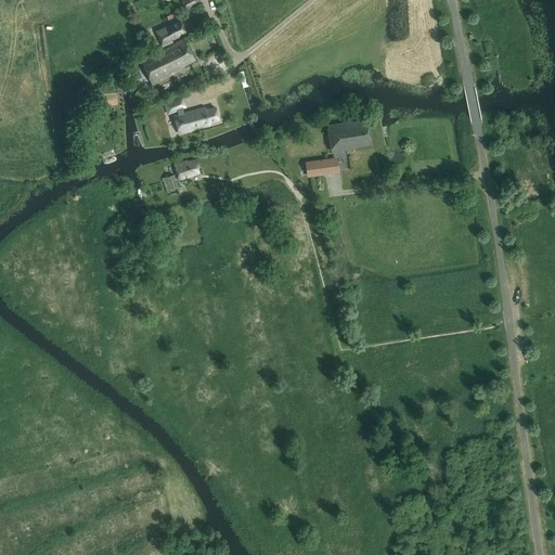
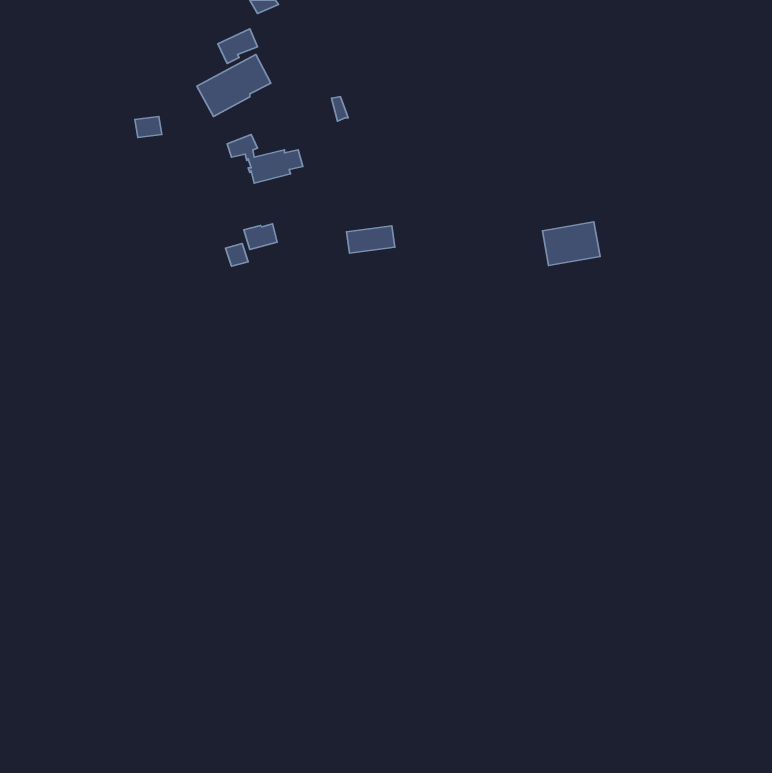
building: [328,119,370,151] -> [542,222,600,266]
building: [304,157,338,177] -> [346,226,395,253]

